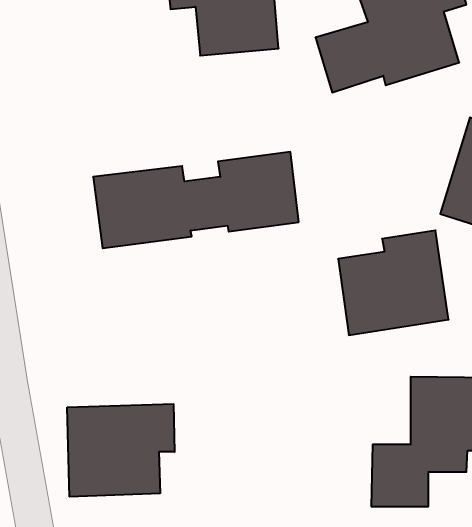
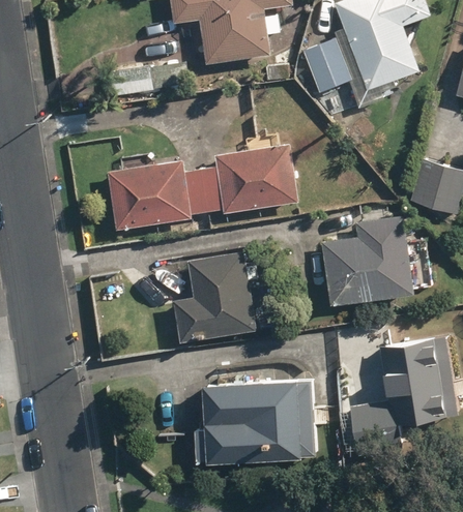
building: none -> [175,250,257,340]
building: [67,404,175,497] -> none
building: none -> [191,382,314,464]

